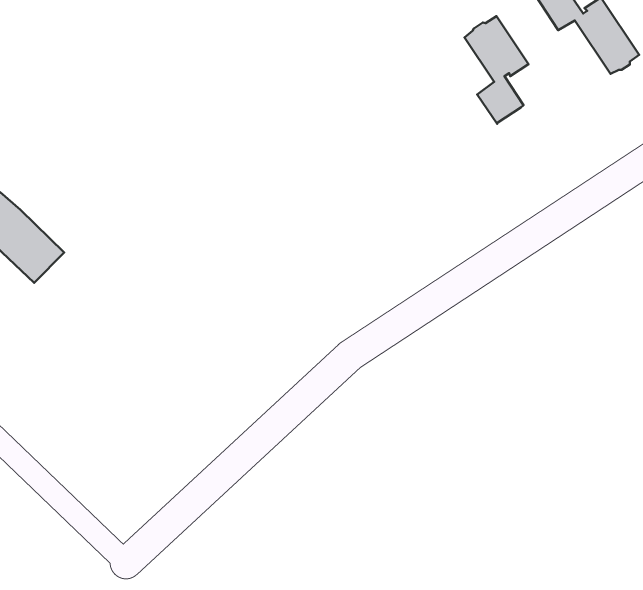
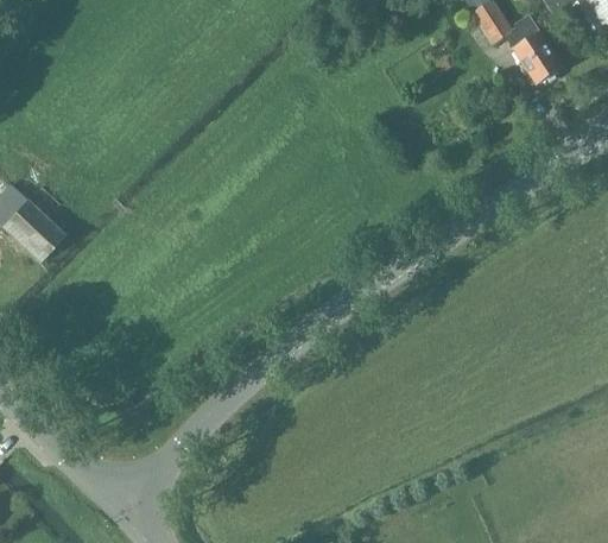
building: [464,16,528,124] -> none

